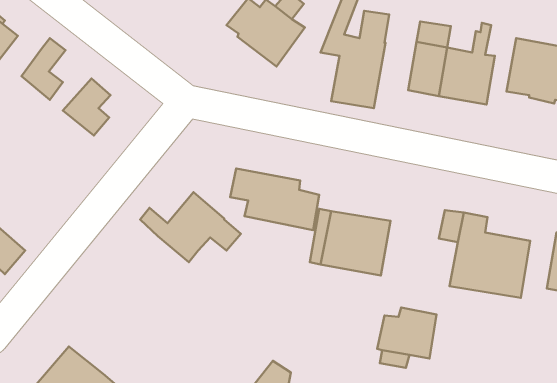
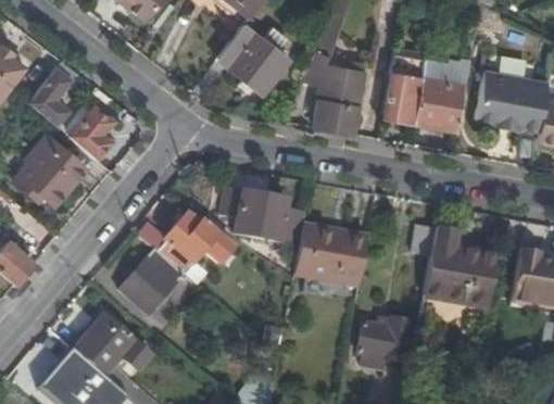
building: none -> [21,135,87,206]
building: none -> [121,250,184,314]
building: none -> [74,315,151,376]

